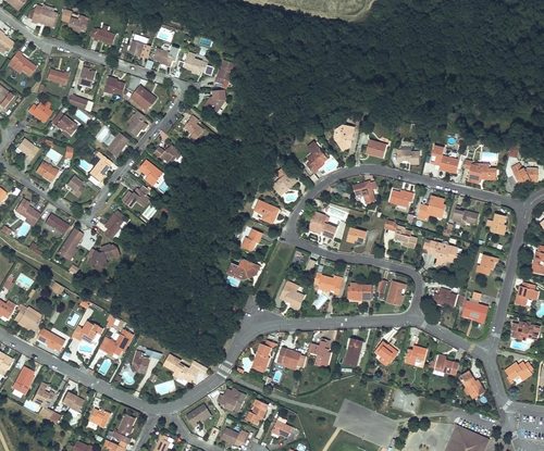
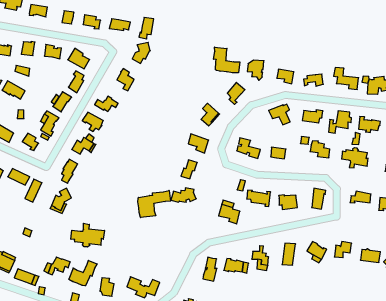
building: none -> [214,47,240,73]
building: none -> [138,190,171,218]
building: none -> [71,223,104,247]

